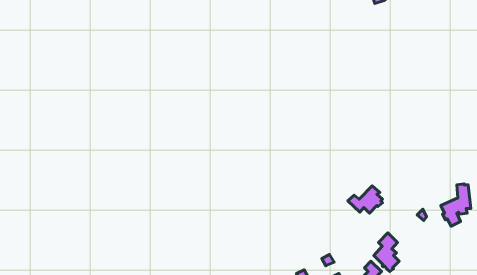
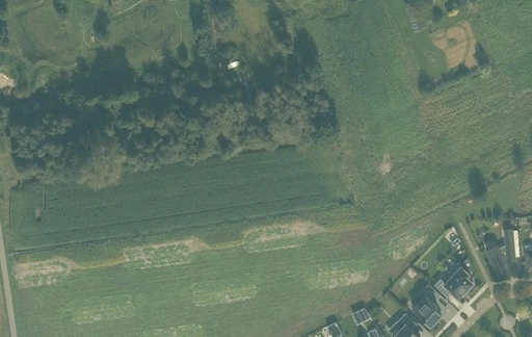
building: [348,186,383,213] -> [433,268,472,299]

